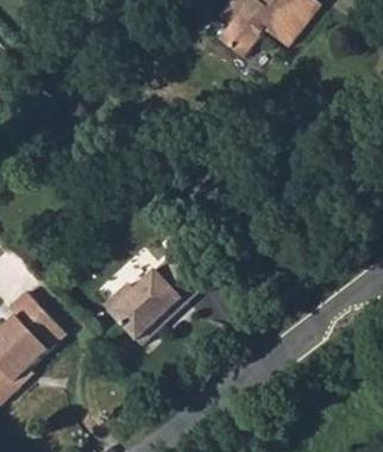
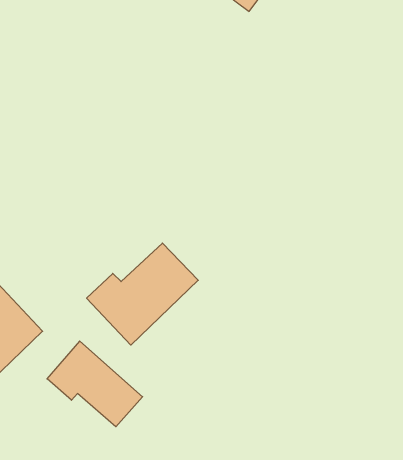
building: none -> [47,341,143,427]

